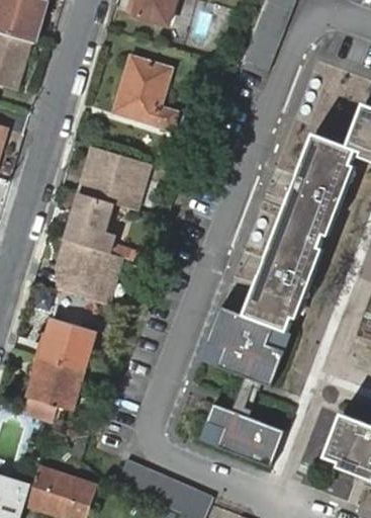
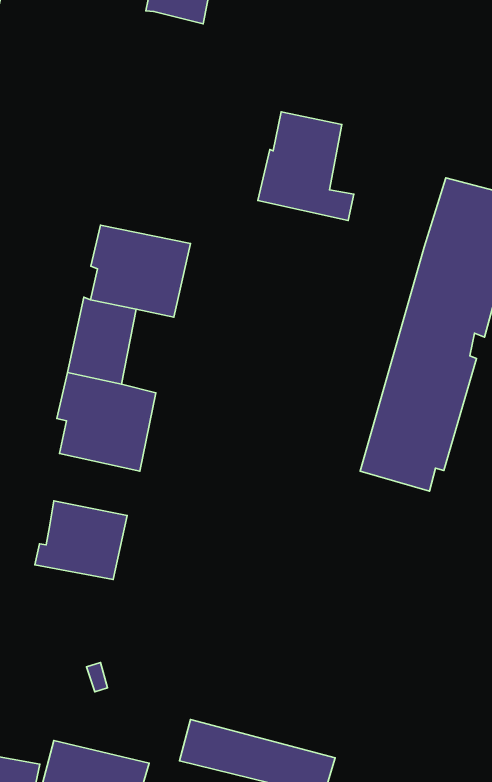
building: [113,57,174,128] -> [258,112,354,220]
building: [198,306,290,386] -> none
building: [21,357,83,423] -> none
building: [197,404,283,467] -> none

